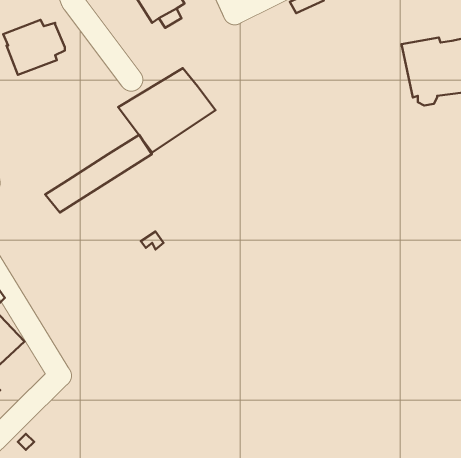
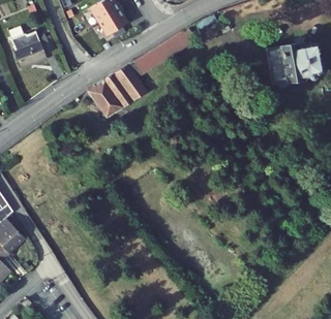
building: [45,135,152,212] -> [127,27,195,76]

